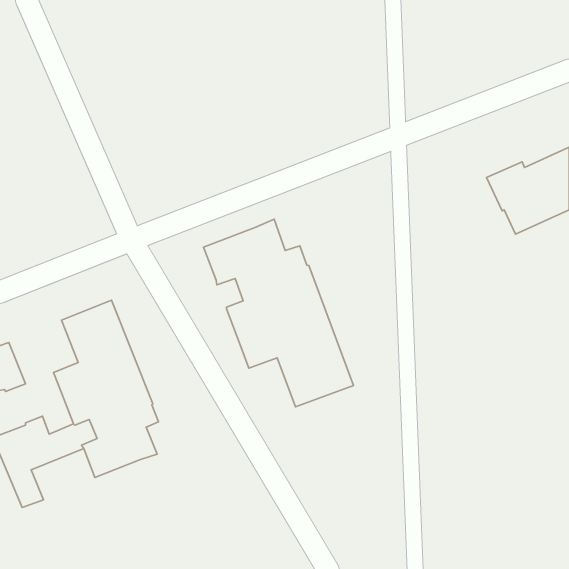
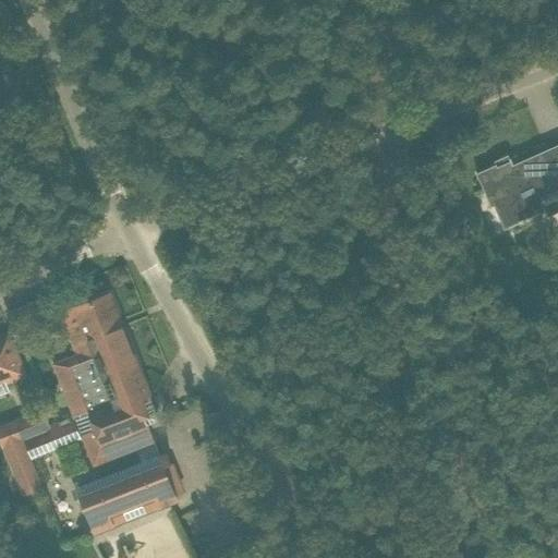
building: [203,219,353,407] -> none
building: none -> [78,445,181,532]

